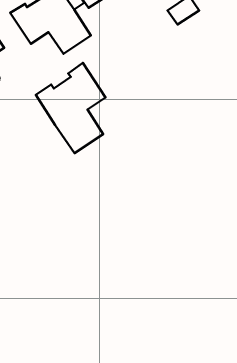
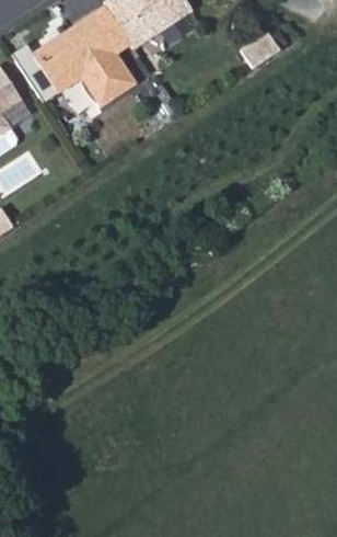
building: [36,63,106,153] -> none

